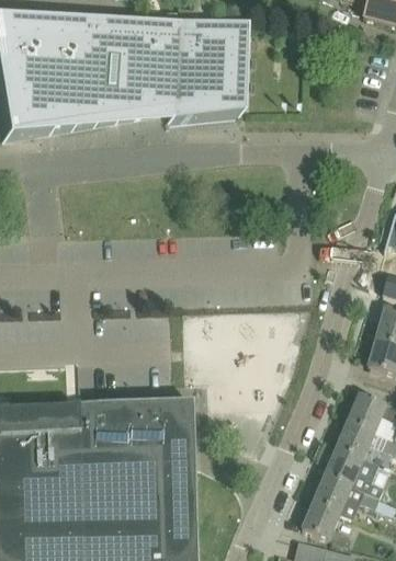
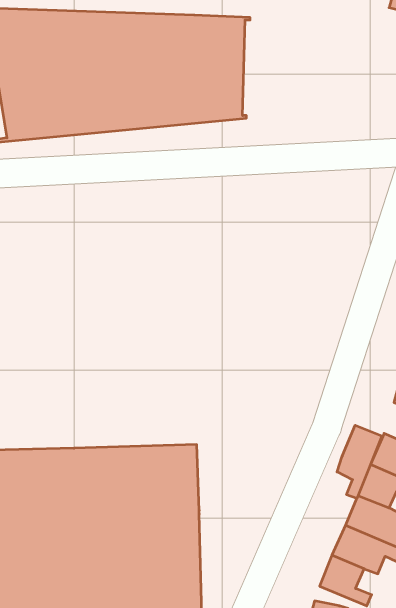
building: none -> [337,425,382,499]

